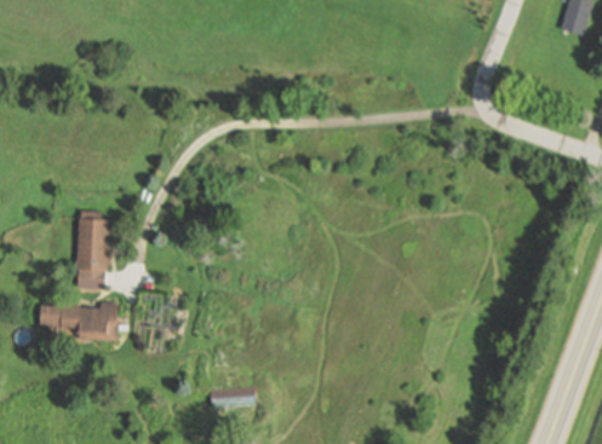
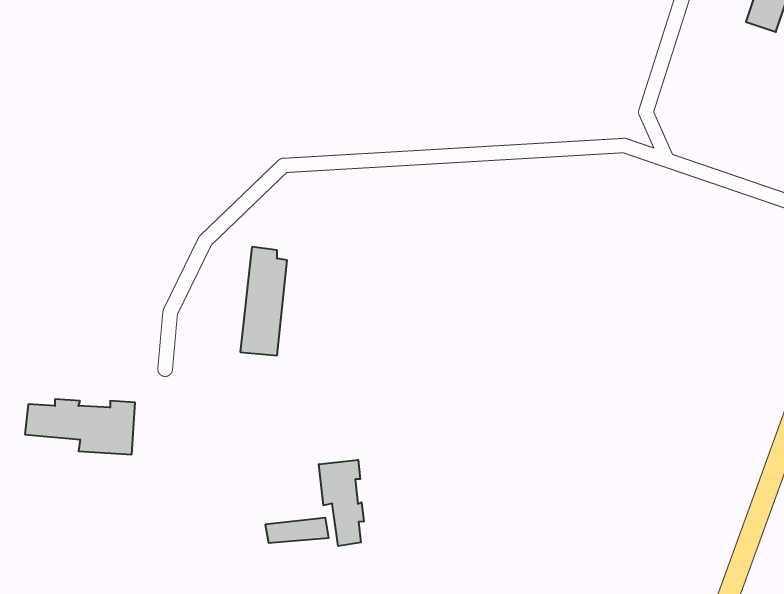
building: [74,211,108,289] -> [240,247,287,355]
building: none -> [319,460,364,546]

